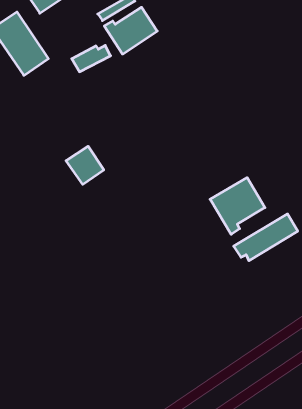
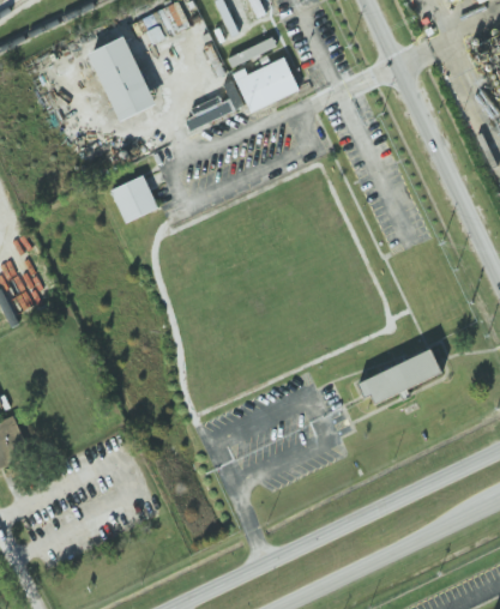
building: [66,146,104,184] -> [110,176,157,224]
building: [210,178,265,234] -> none

